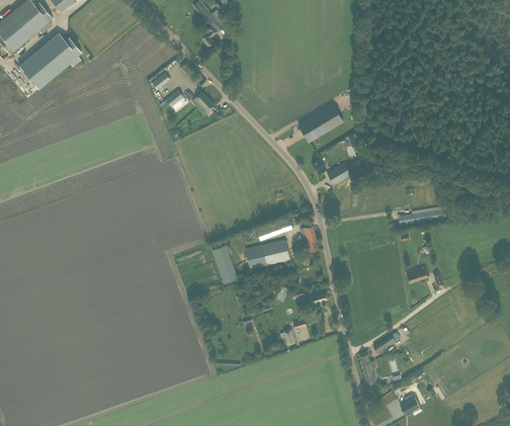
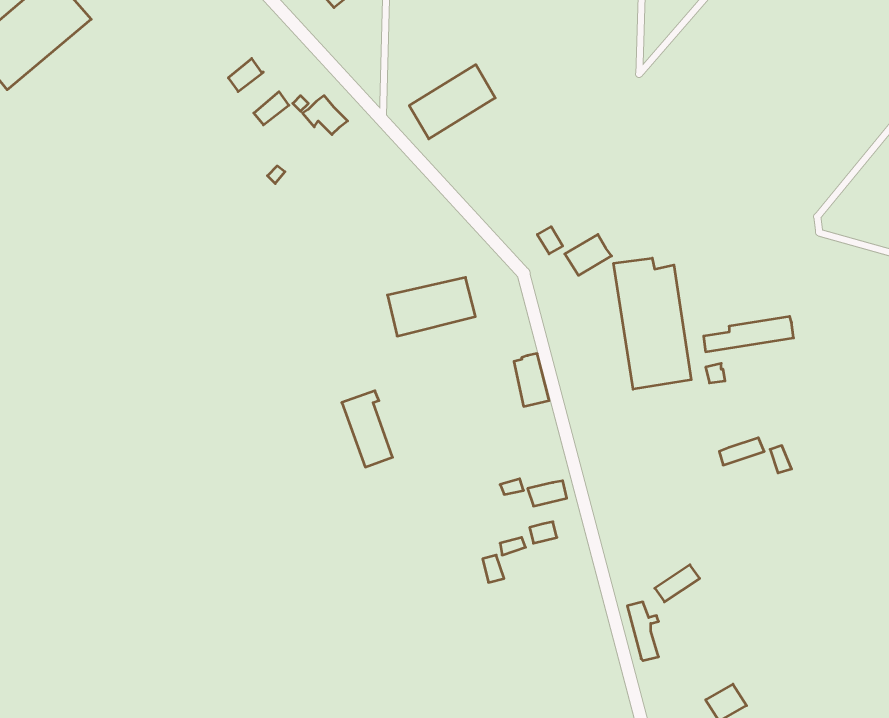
building: [298,104,342,143] -> [409,65,495,139]
building: none -> [614,258,691,389]
building: [244,240,289,270] -> [387,277,475,336]

